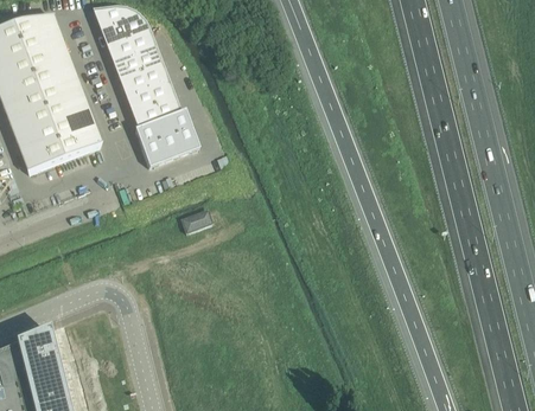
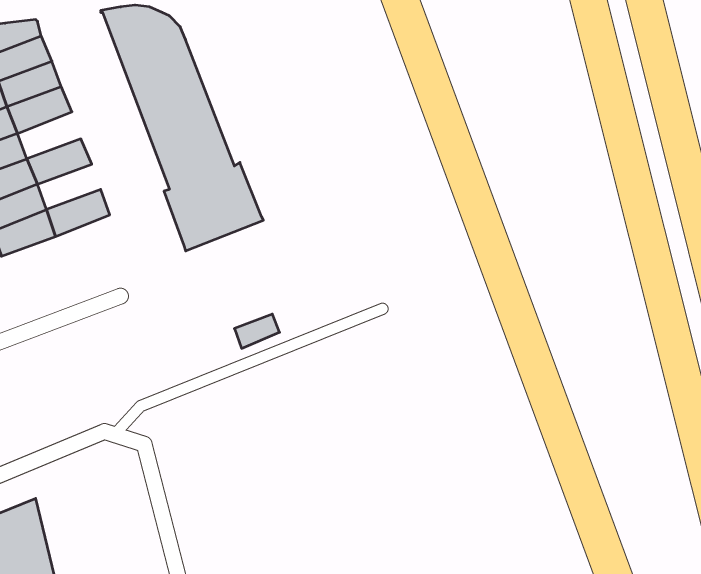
building: [39,75,81,105] -> none
building: [52,109,94,139] -> none

